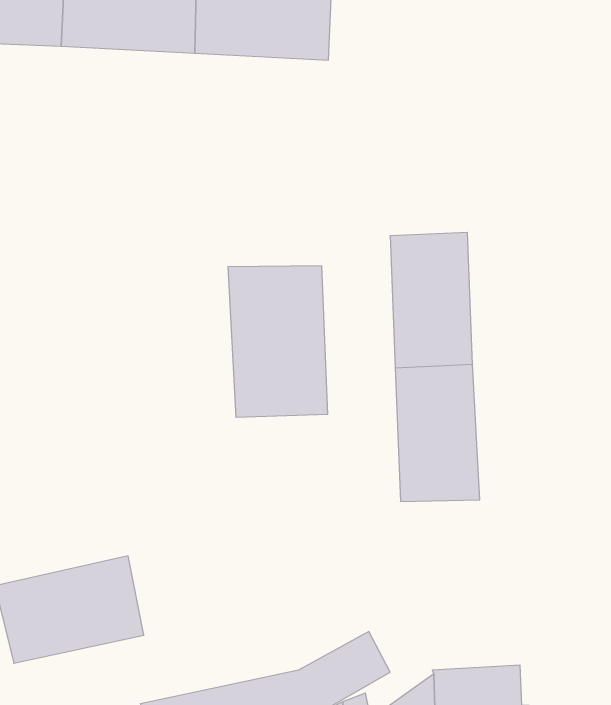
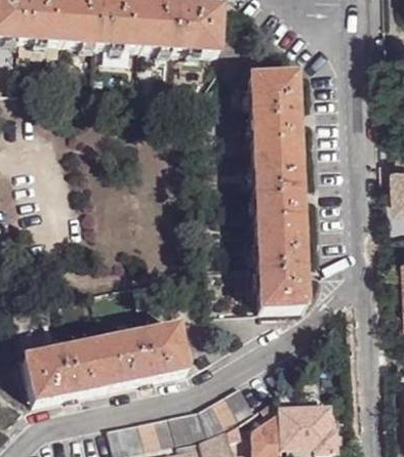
building: none -> [251,72,299,152]
building: [228,266,328,417] -> none
building: none -> [102,322,189,384]

